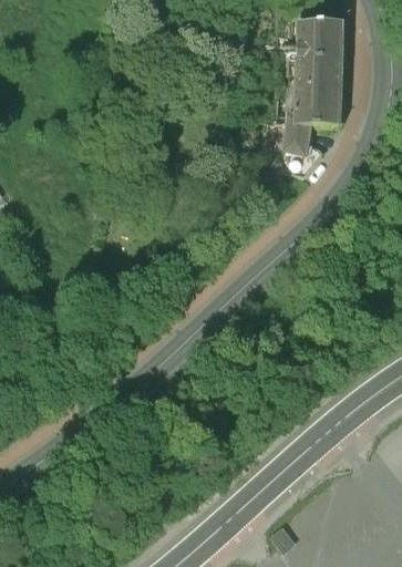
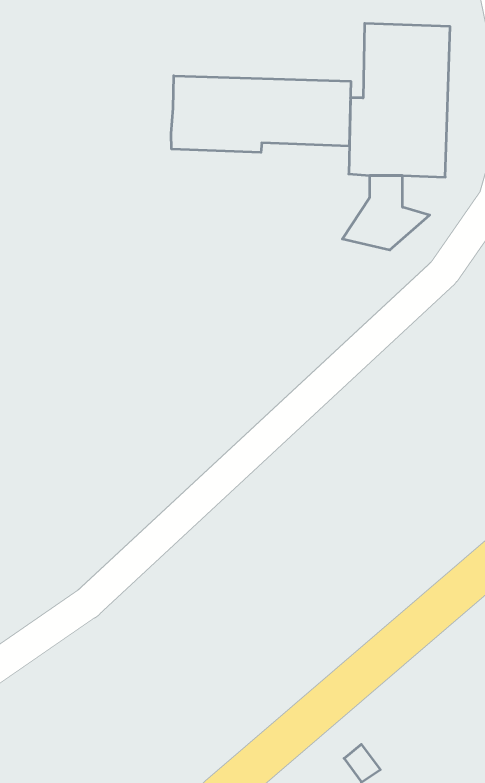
building: none -> [171,76,351,152]

